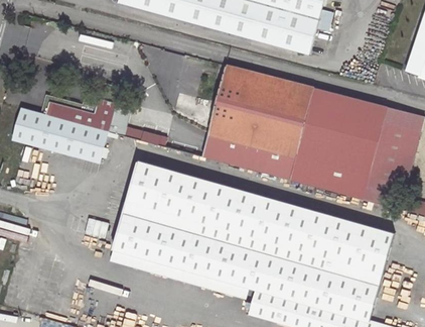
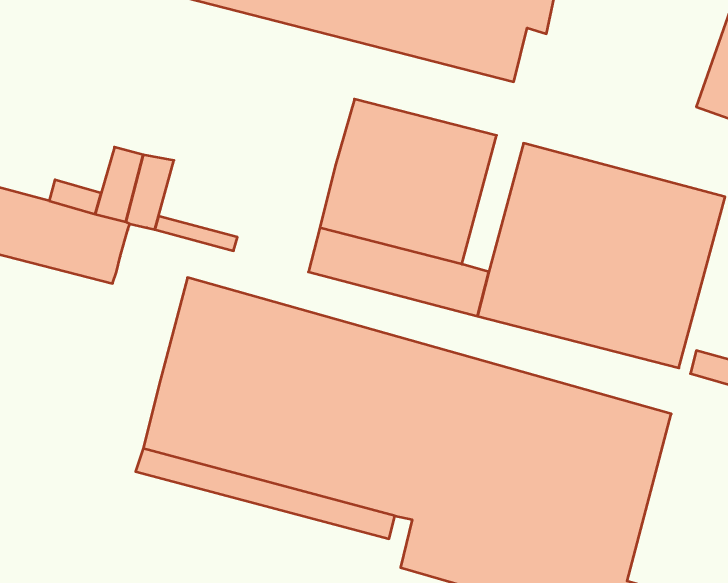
building: [283,85,315,156] -> none

